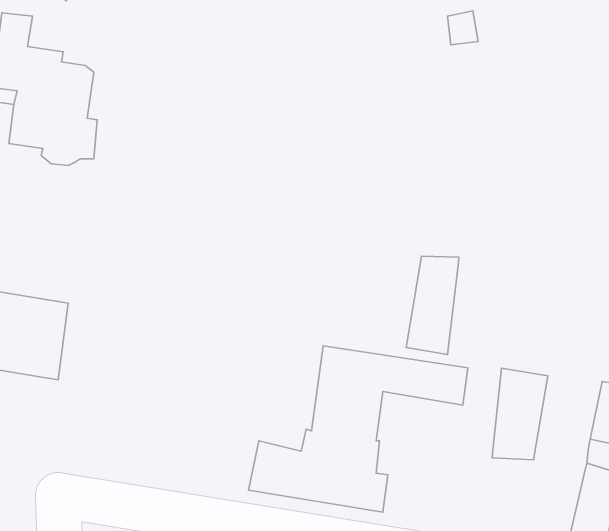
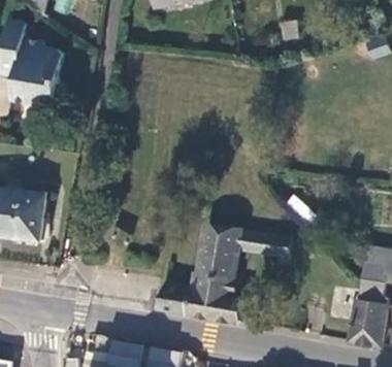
building: [406,256,459,354] -> none
building: [492,368,548,460] -> none

